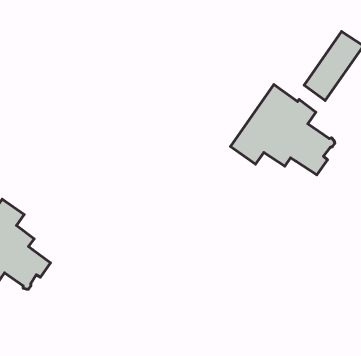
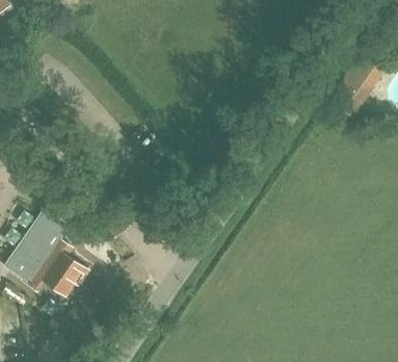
building: [230,85,335,175] -> none

